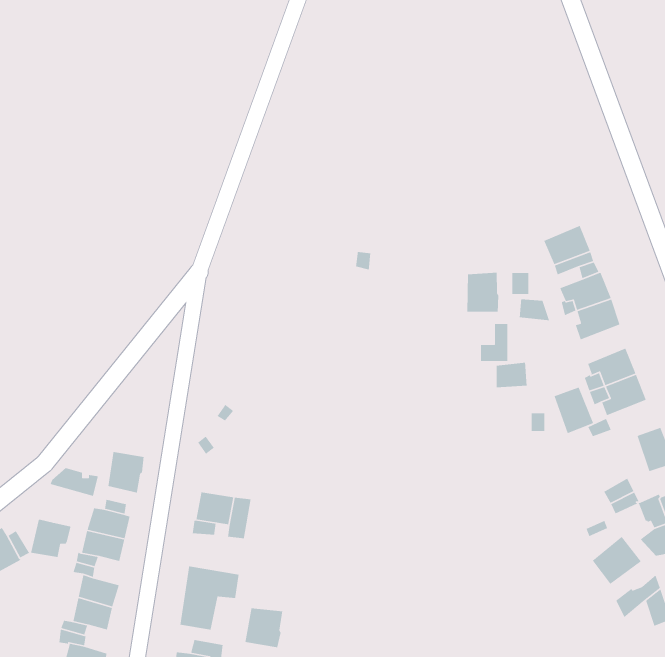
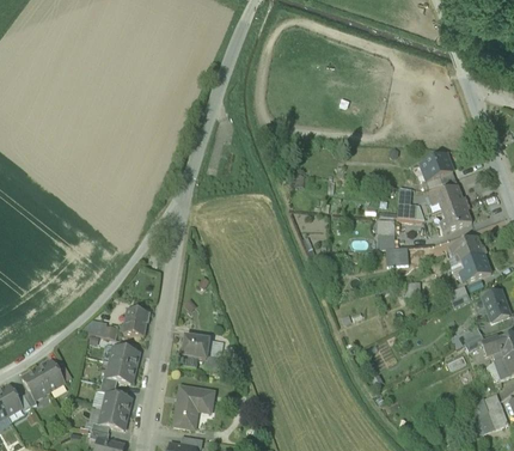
building: [467,272,499,313] -> none
building: [553,387,594,434] -> none
building: [30,519,72,558] -> none
building: [592,536,642,585] -> none
building: [244,608,283,648] -> none

